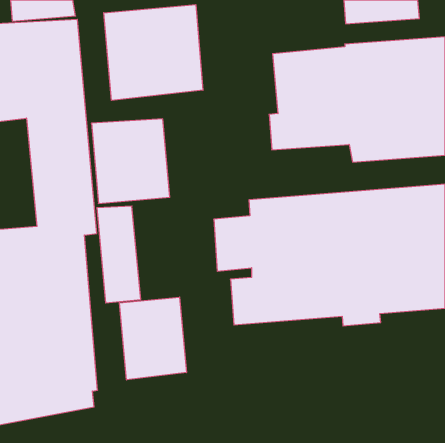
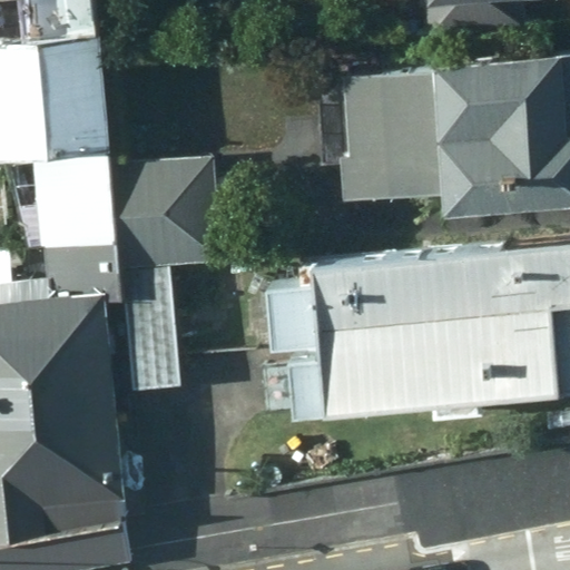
building: [104,5,203,100] -> none
building: [120,297,186,380] -> none

